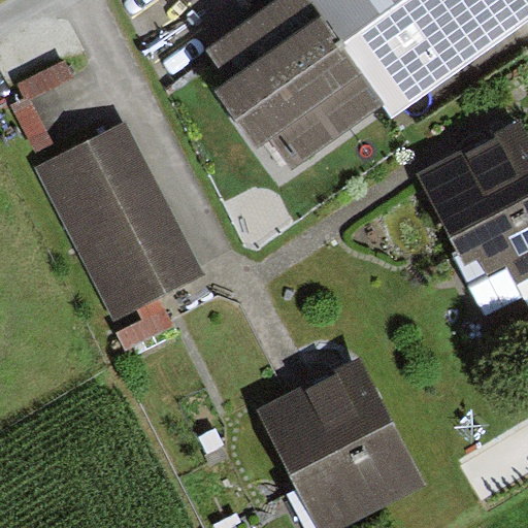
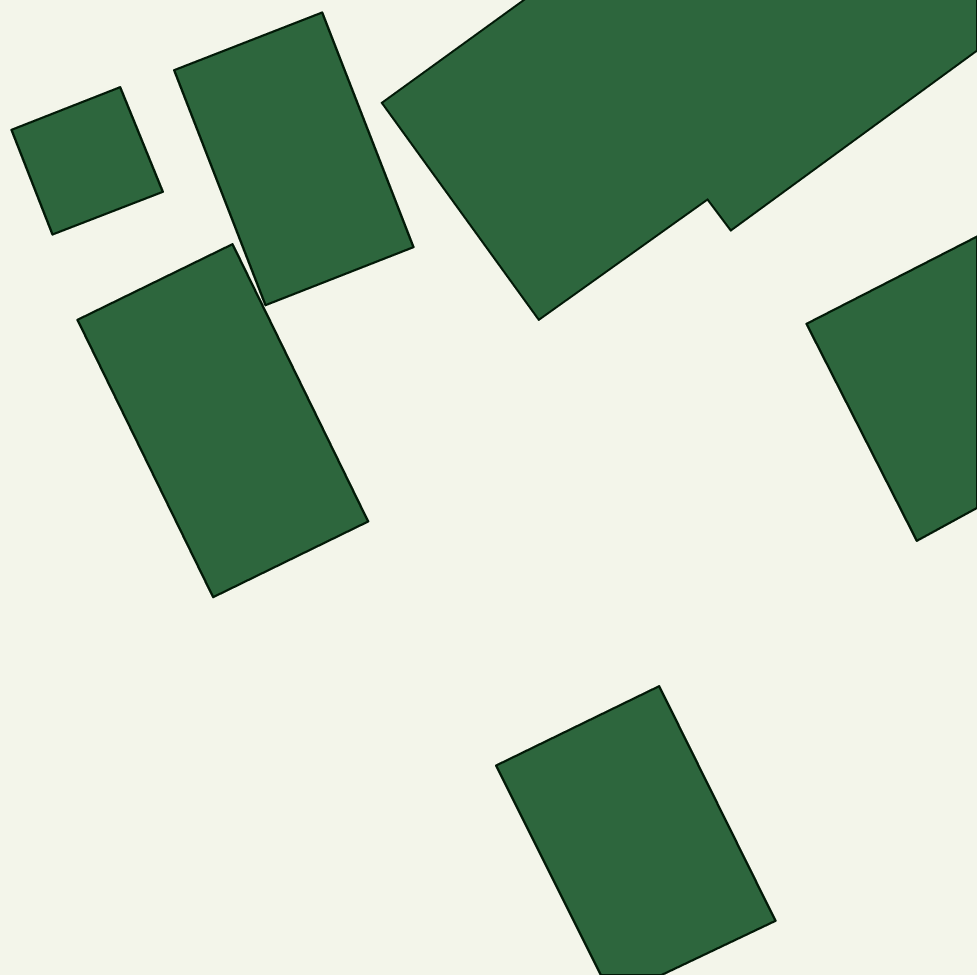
building: none -> [174,12,413,305]

